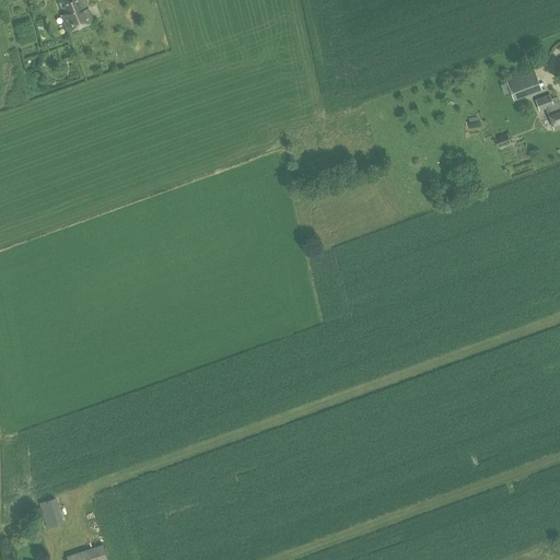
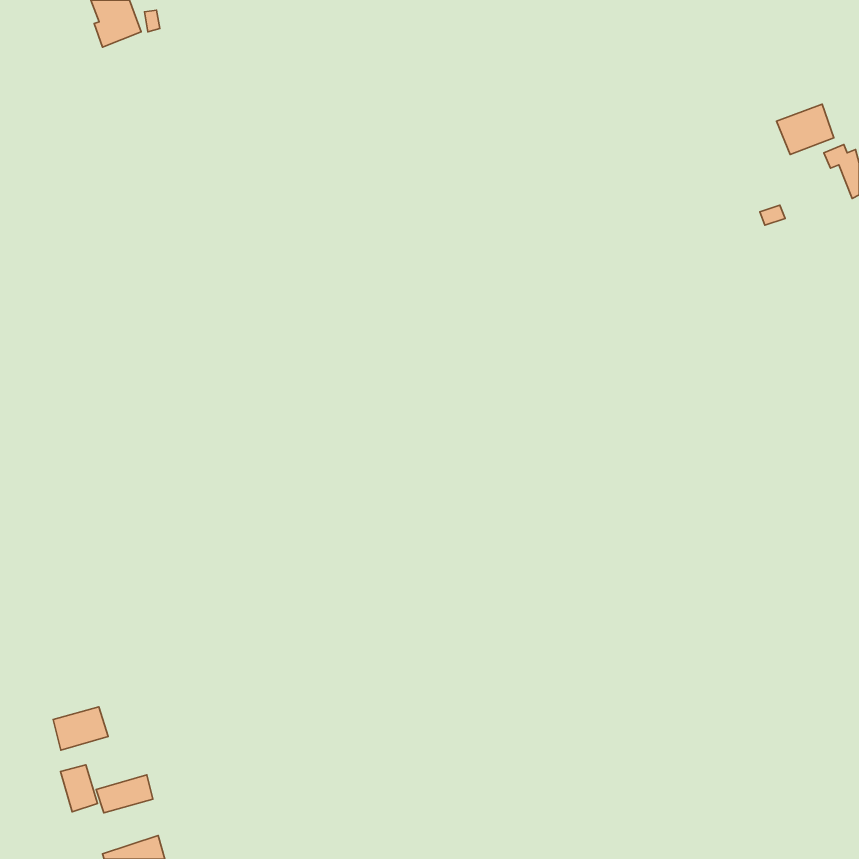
building: none -> [53,707,108,750]
building: none -> [96,775,153,813]

